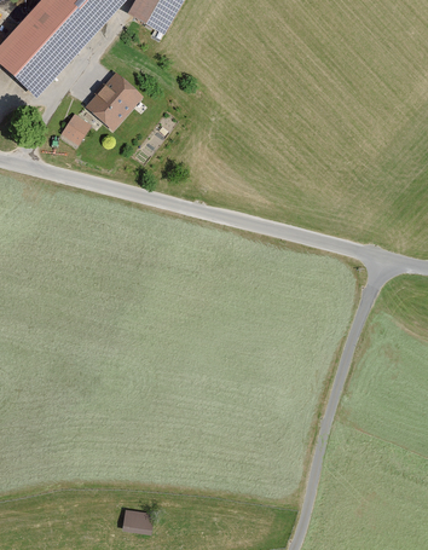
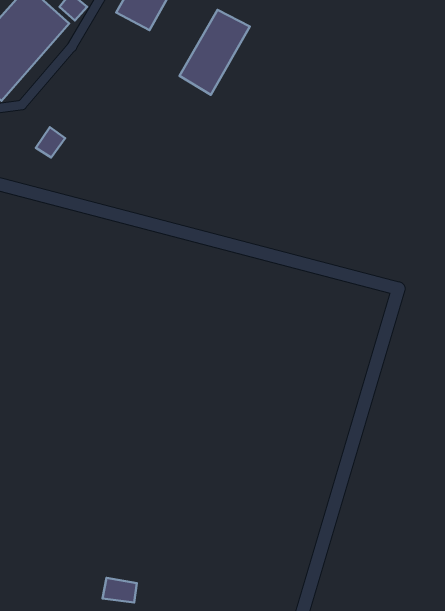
building: none -> [179,10,250,95]
building: [86,73,139,126] -> none

